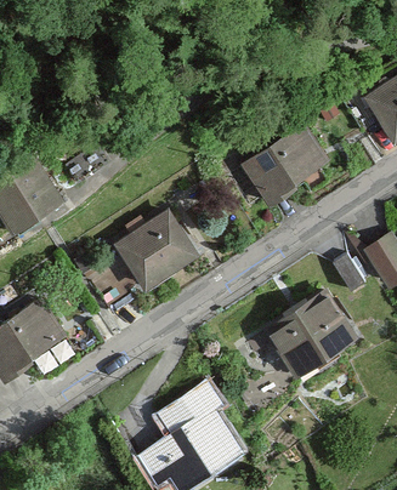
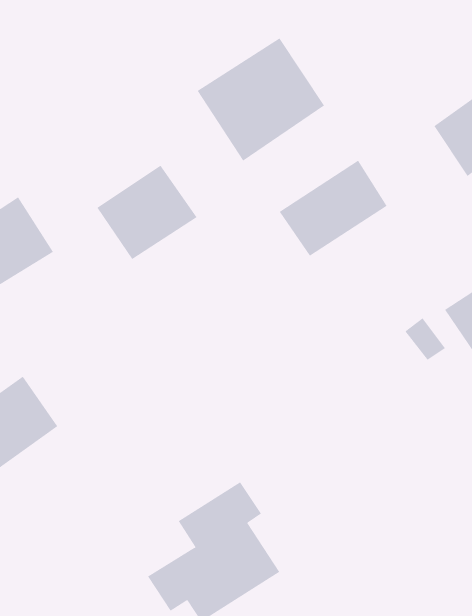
building: none -> [197,38,325,161]
building: [114,212,194,287] -> [96,165,198,260]
building: [263,291,353,375] -> none

